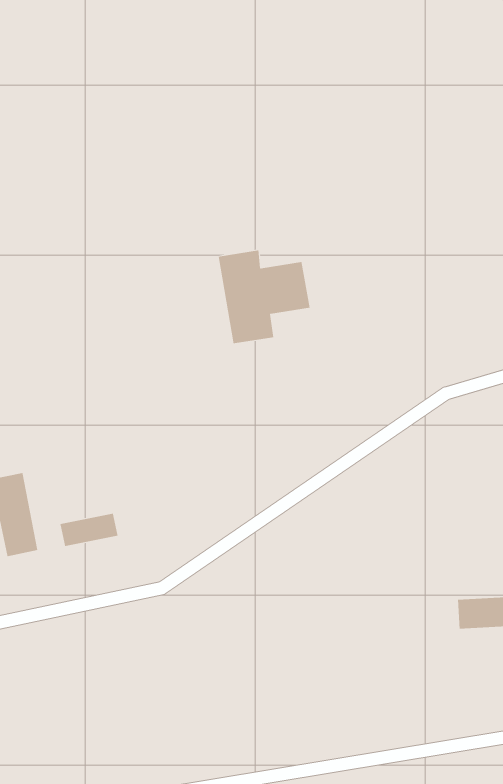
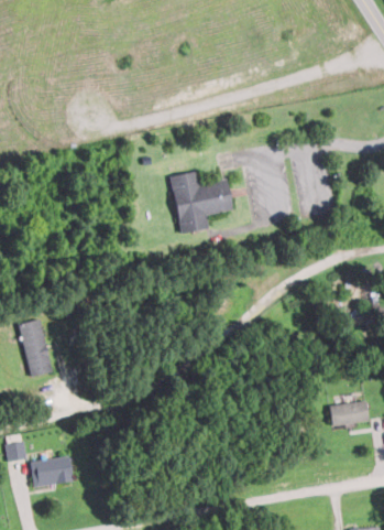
building: [60,513,118,547] -> none
building: none -> [30,455,73,487]

